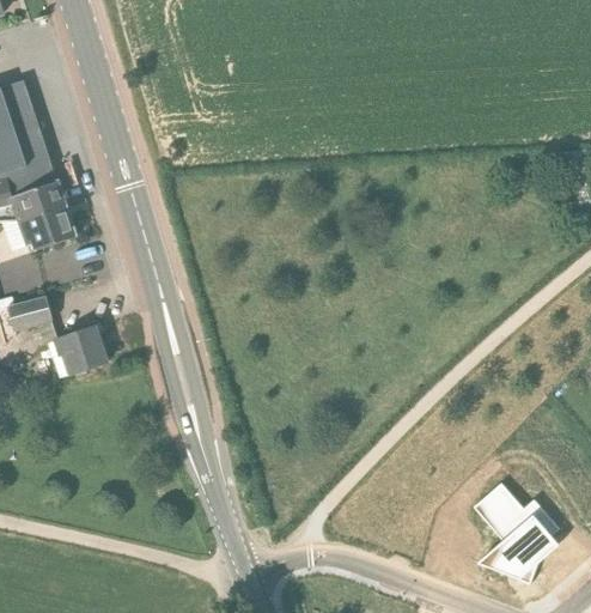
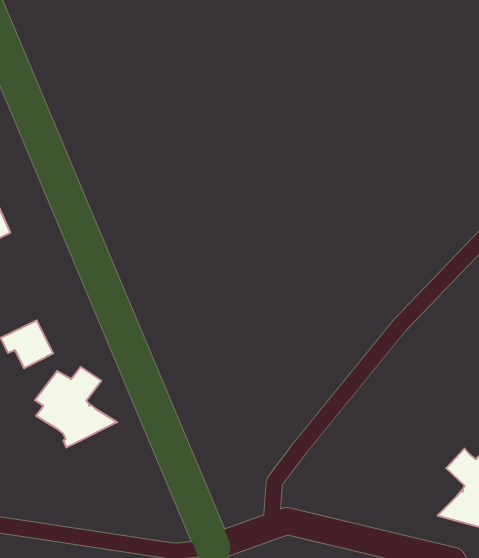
building: none -> [35,367,117,448]

